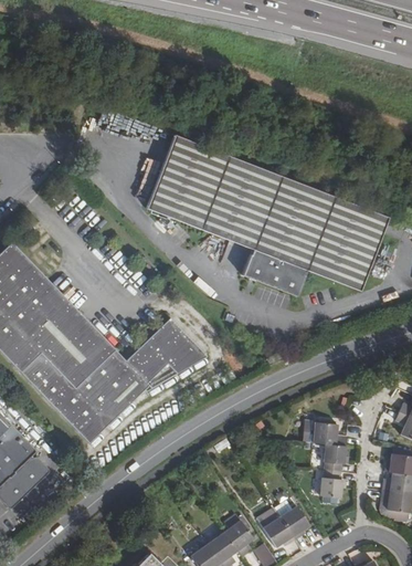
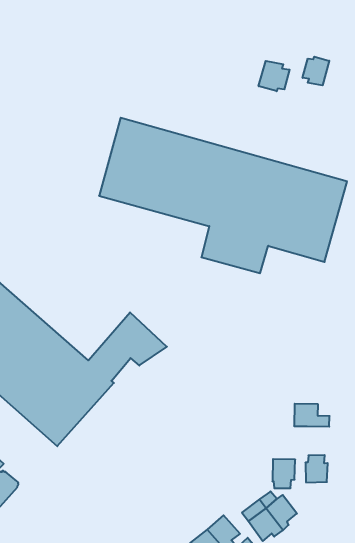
building: none -> [303,57,329,85]
building: none -> [259,61,290,91]
building: [325,442,348,471] -> [272,459,295,488]

